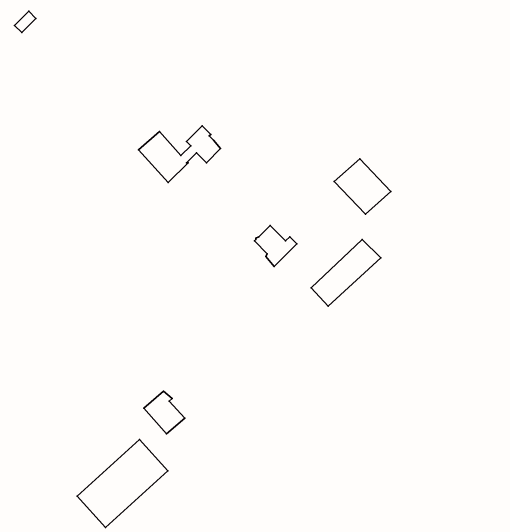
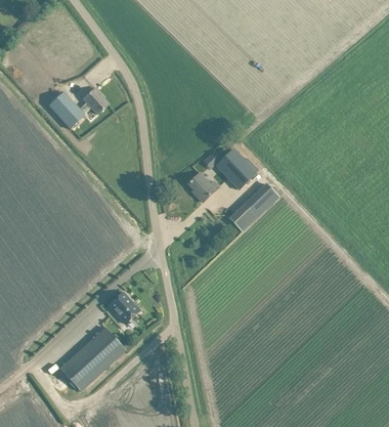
building: [138,126,221,183] -> [48,87,107,128]
building: [334,159,391,214] -> [215,148,256,188]

